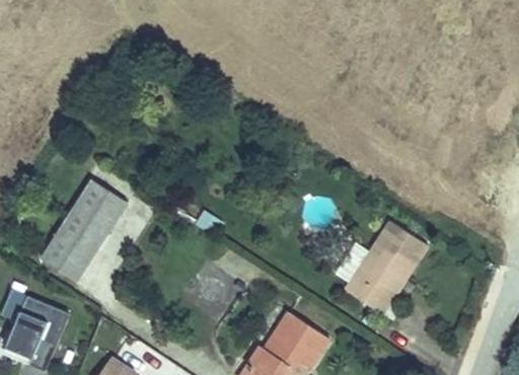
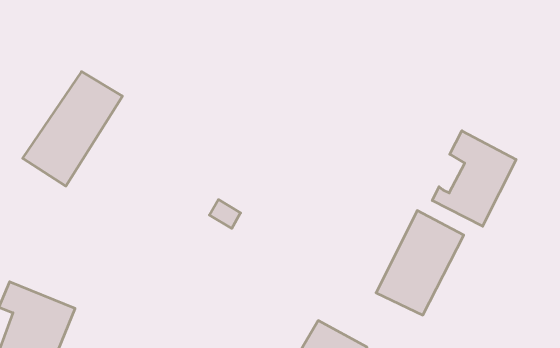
building: none -> [432,131,516,226]
building: [36,176,128,281] -> [23,72,122,186]

